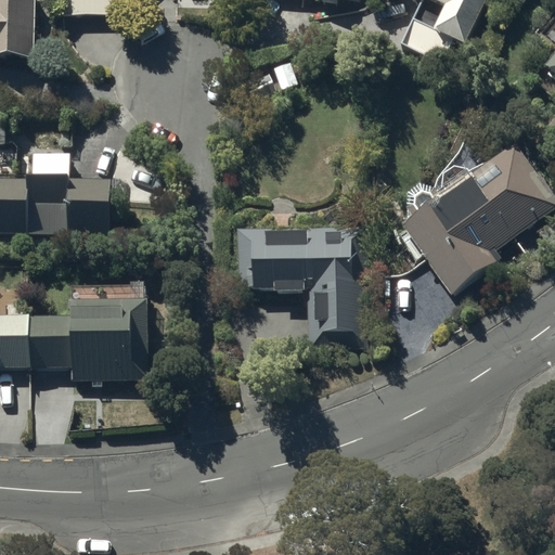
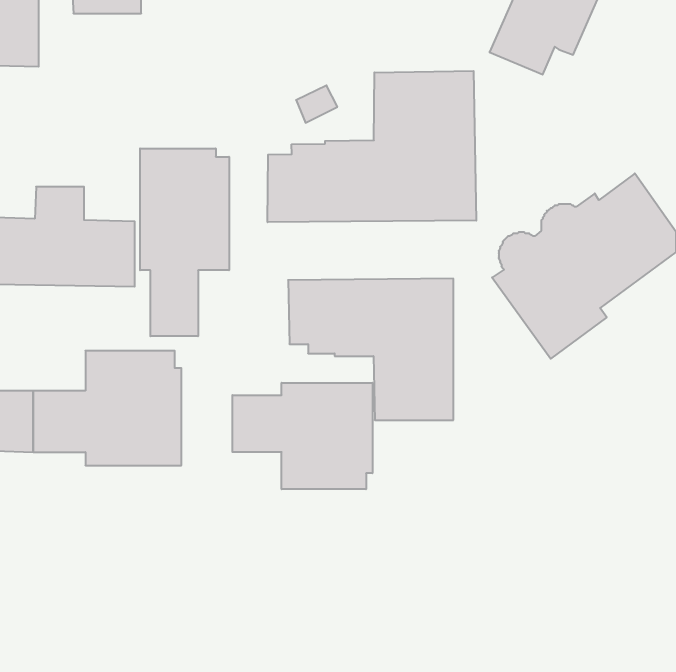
building: none -> [268,71,476,222]
building: none -> [140,148,229,336]
building: none -> [232,383,372,489]

